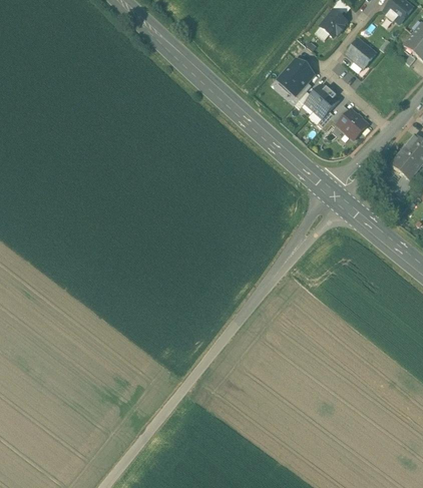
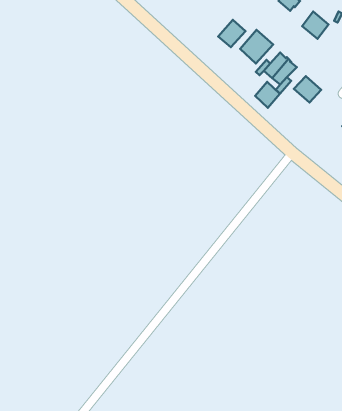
building: none -> [218,20,245,47]
building: none -> [255,82,280,108]

